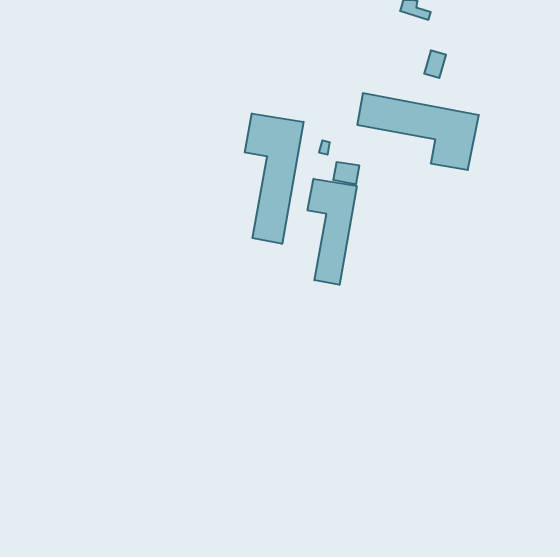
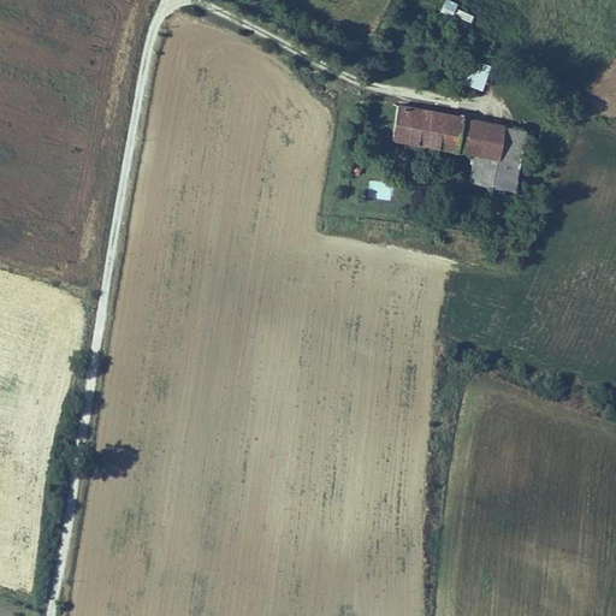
building: [245,113,304,244] -> none
building: [308,179,357,285] -> none

